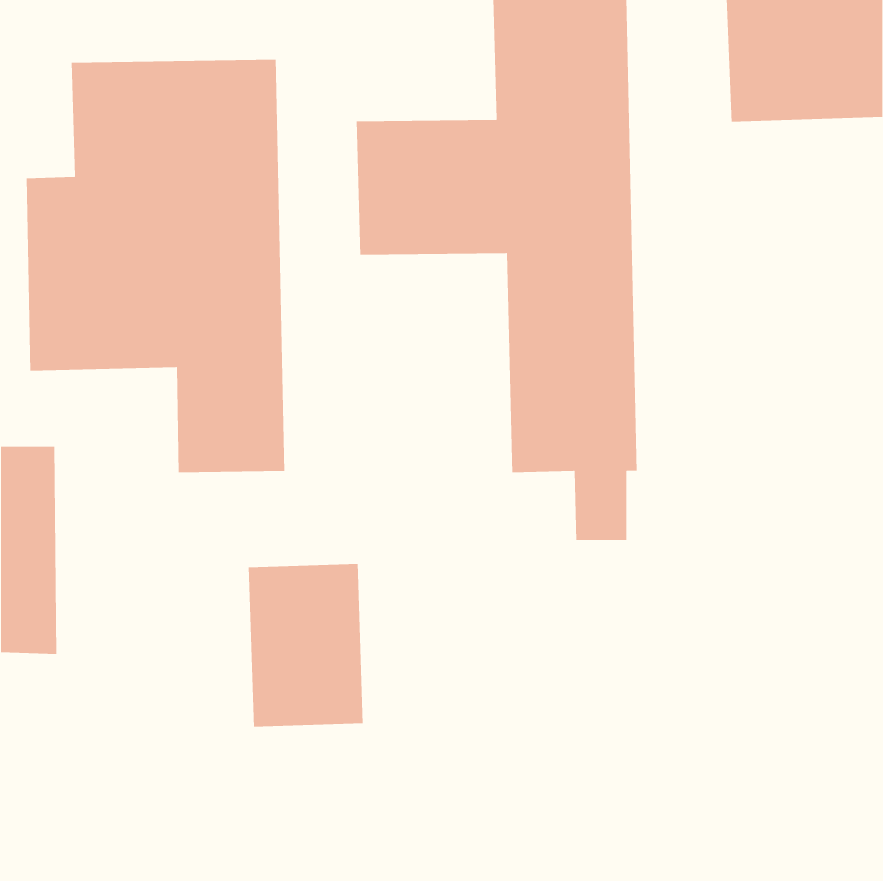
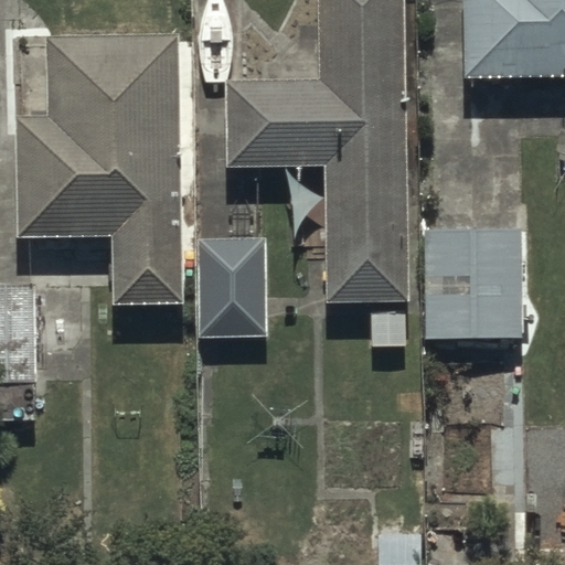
building: none -> [420,228,522,339]
building: [248,563,364,727] -> [193,236,267,341]

